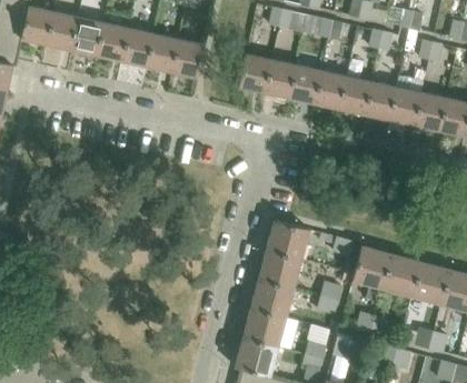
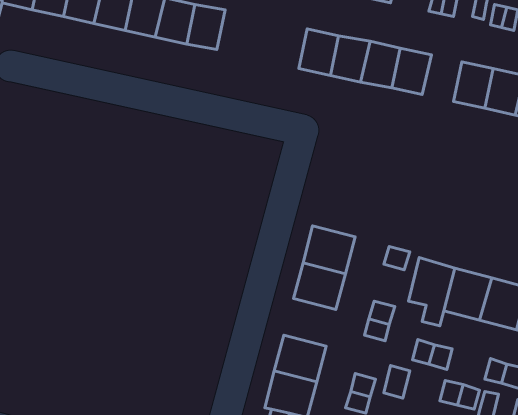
building: [239,54,270,92] -> none
building: [364,81,396,119] -> none
building: [251,279,294,318] -> none

